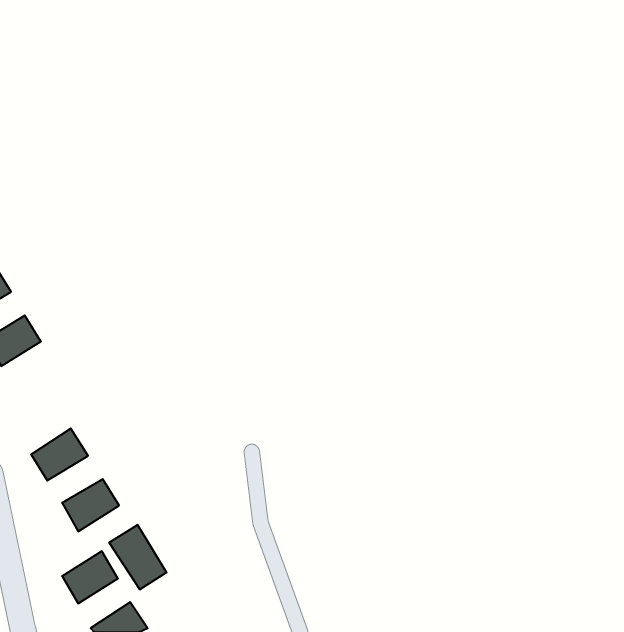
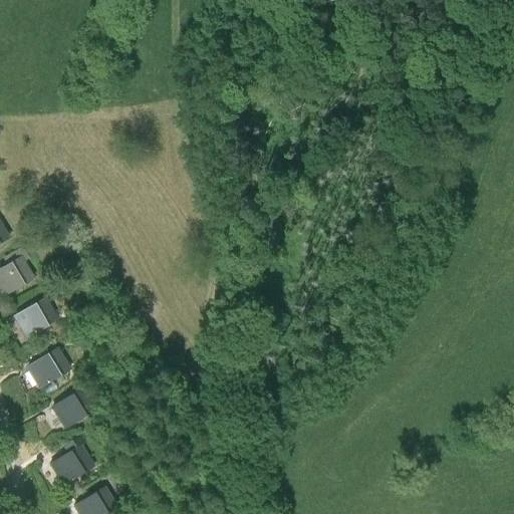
building: none -> [11,296,58,339]
building: [109,525,167,590] -> none

